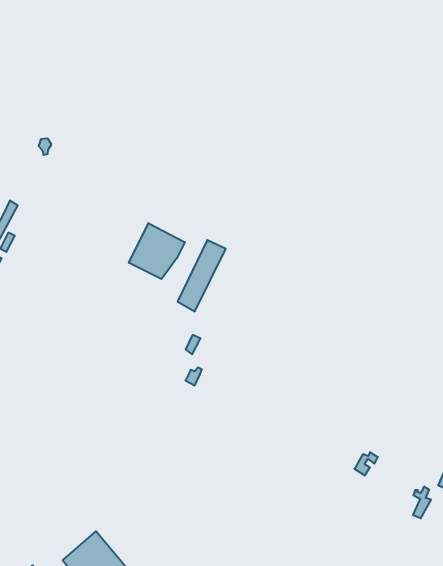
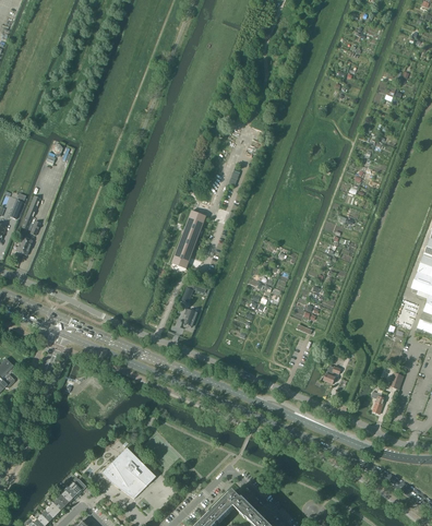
building: [129,223,185,279] -> none

